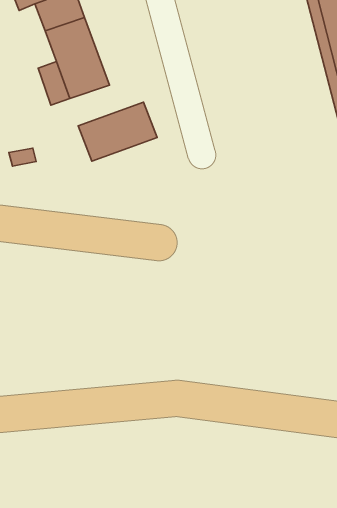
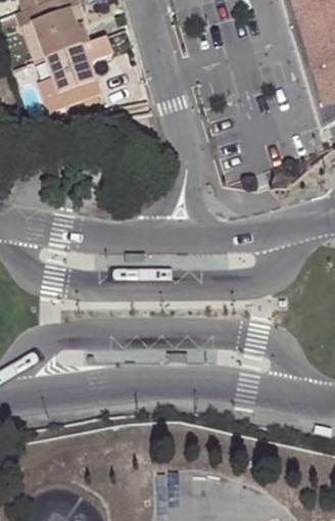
building: [78,102,157,161] -> none

